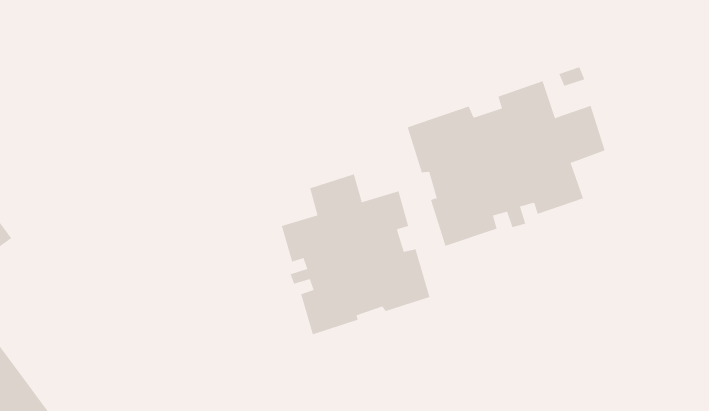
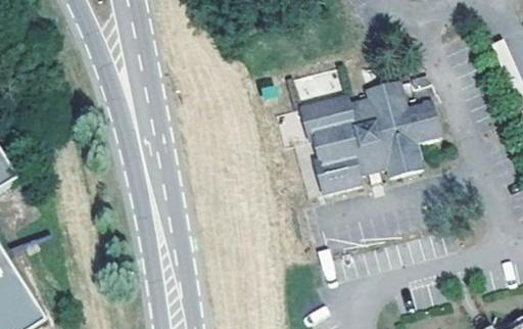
building: [281,174,430,335] -> none

